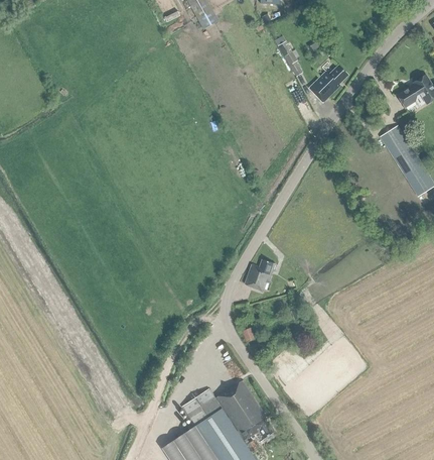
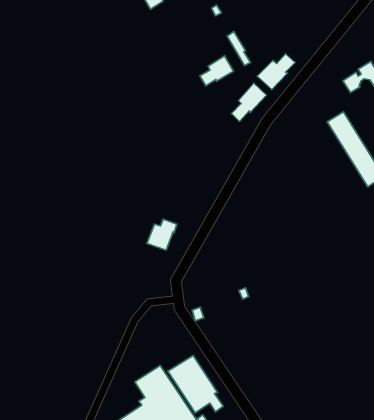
building: none -> [200,56,233,86]
building: none -> [231,83,266,122]
building: [244,259,275,292] -> [147,219,177,250]

